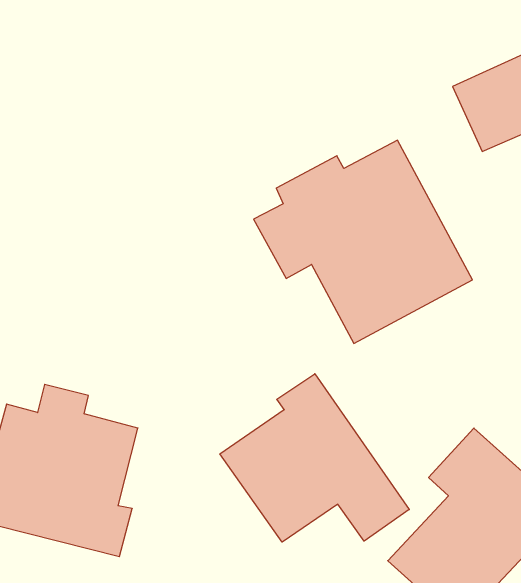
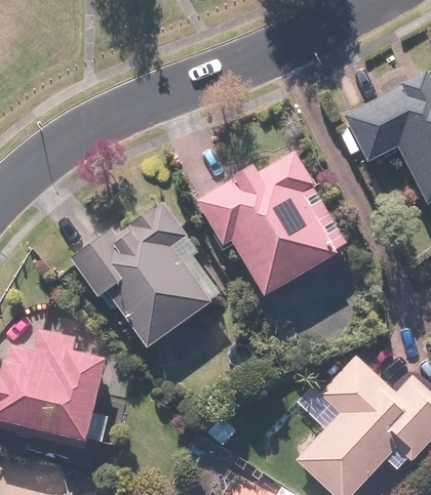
building: none -> [72,201,227,348]
building: [220,374,409,542] -> none

